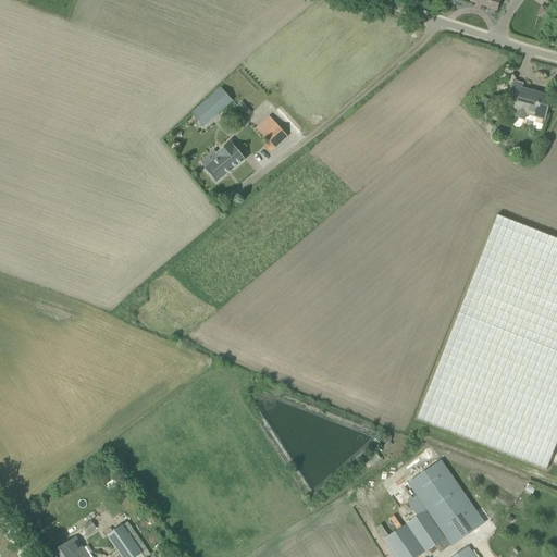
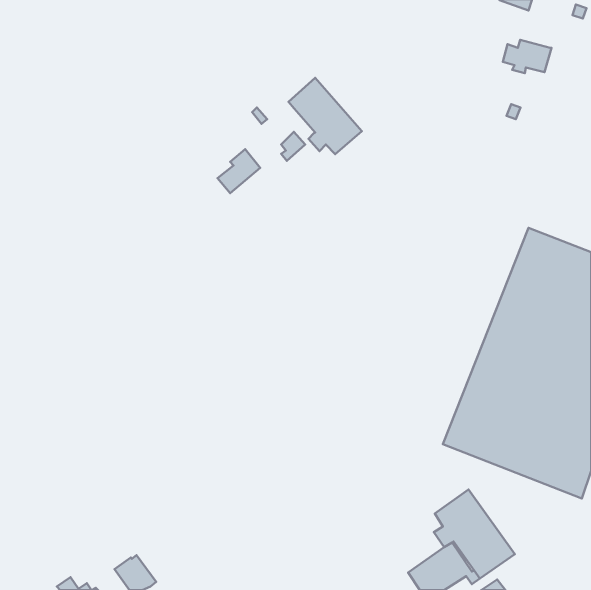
building: none -> [288,78,362,154]
building: [191,87,233,126] -> none
building: [505,88,550,120] -> [503,40,551,73]

